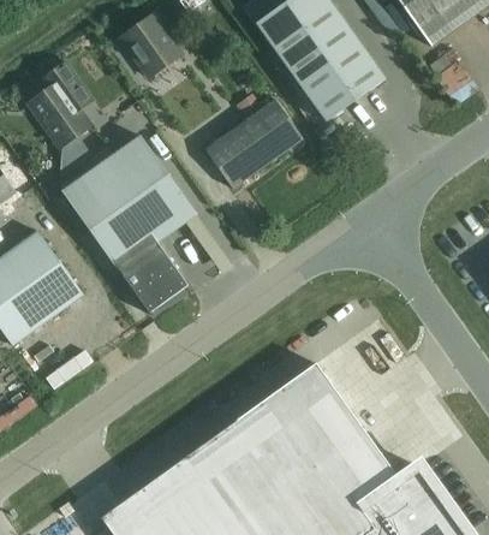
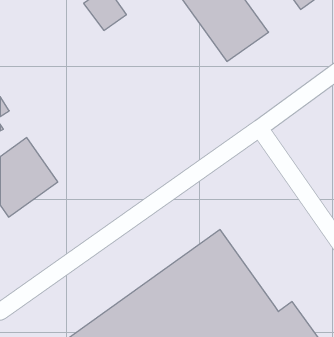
building: [28,63,93,177] -> none
building: [204,99,303,189] -> none
building: [61,136,196,315] -> none

